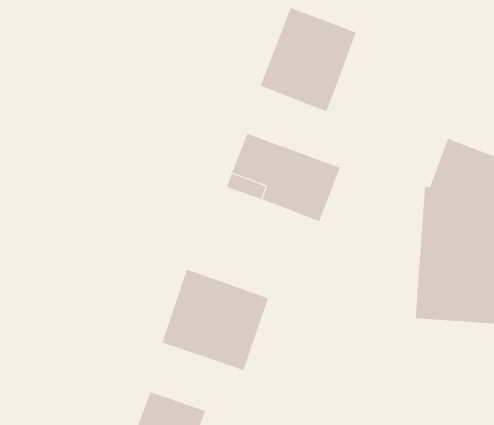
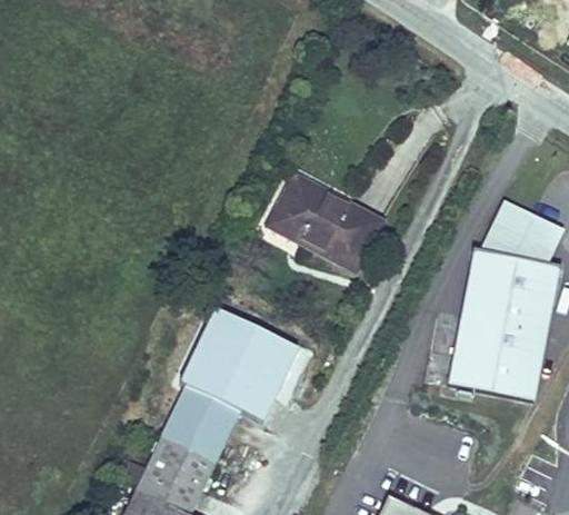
building: [260,7,356,112] -> none
building: none -> [162,385,242,459]

